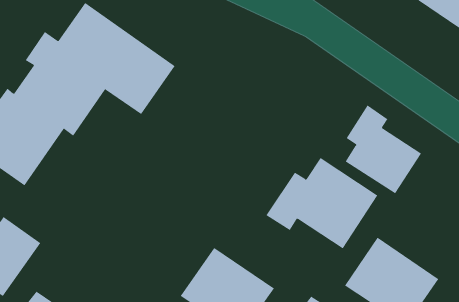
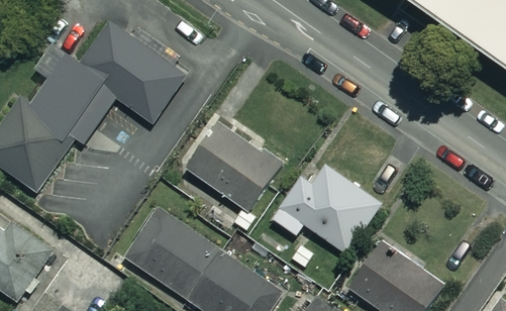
building: [345,105,422,194] -> none
building: none -> [189,122,282,231]
building: none -> [128,210,222,299]

